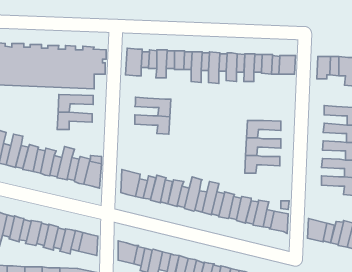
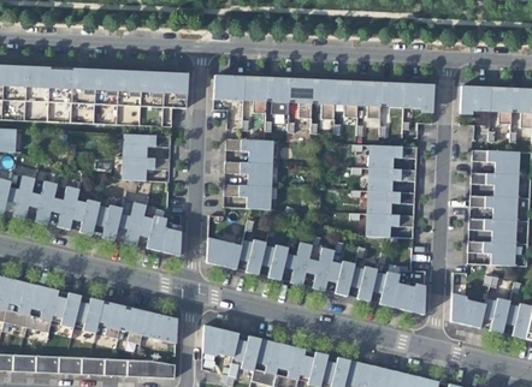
building: none -> [372,145,418,168]
building: none -> [224,184,270,209]

